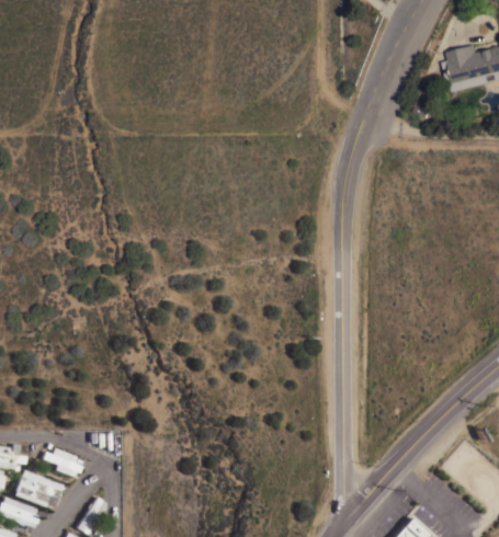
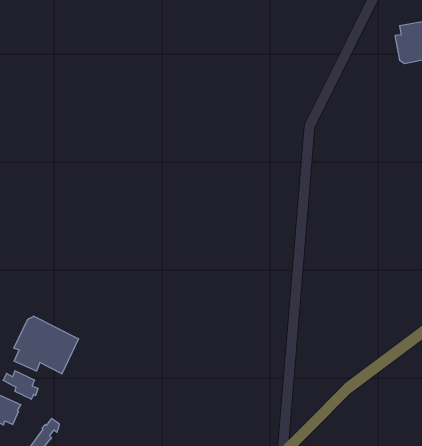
building: none -> [14,316,79,374]

